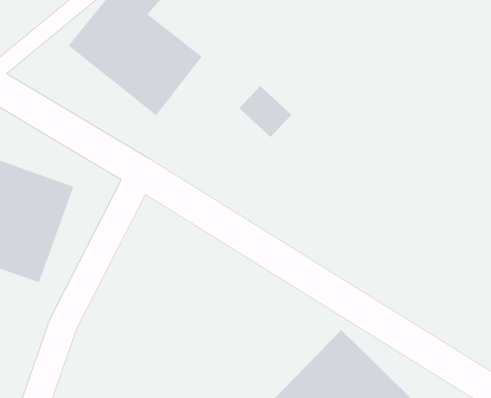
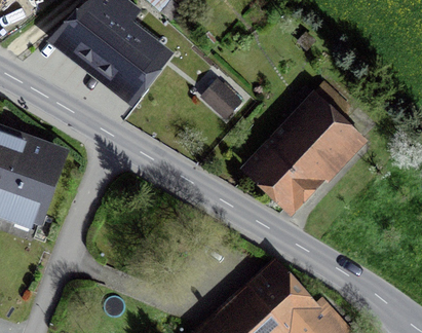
building: none -> [242,92,362,218]

